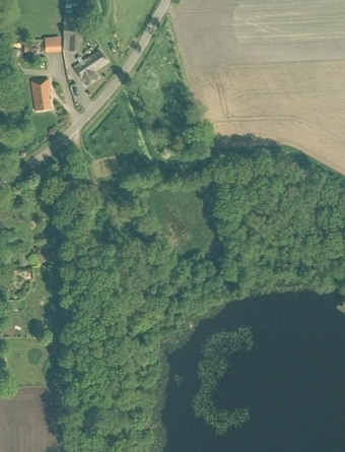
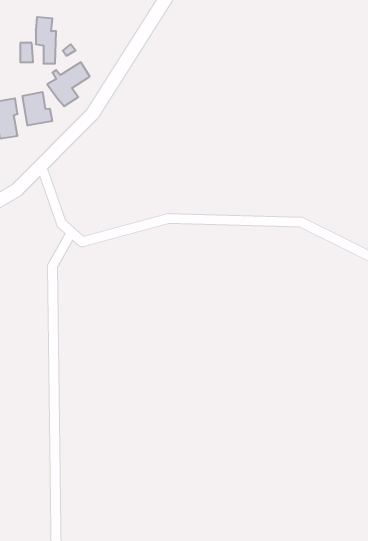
building: none -> [22,92,52,126]

